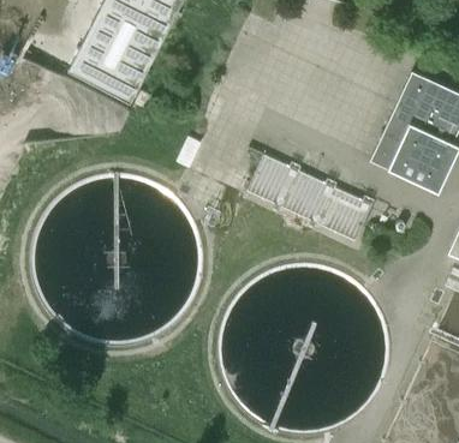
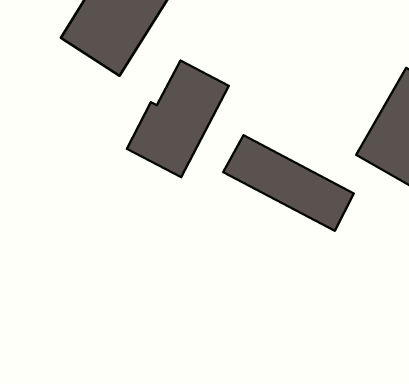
building: none -> [127,60,229,177]

